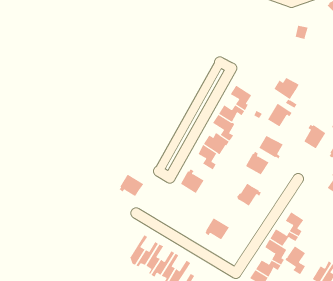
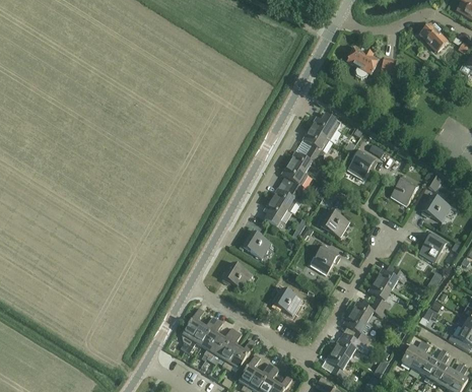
building: none -> [347,46,379,77]
building: [273,77,300,100] -> [310,113,341,140]
building: [259,135,284,159] -> none
building: [119,174,144,197] -> [222,261,253,288]
building: none -> [376,264,407,289]
building: [285,246,306,275] -> none

